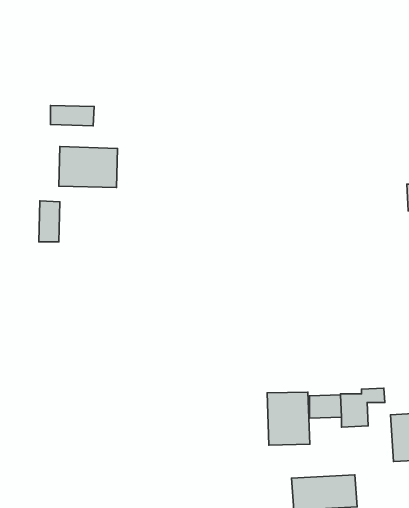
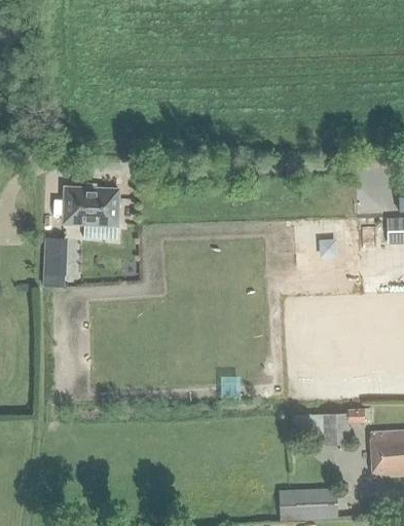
building: [50,105,94,126] -> none
building: [267,392,310,445] -> none

